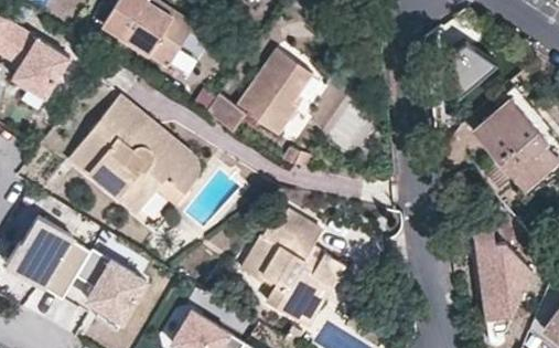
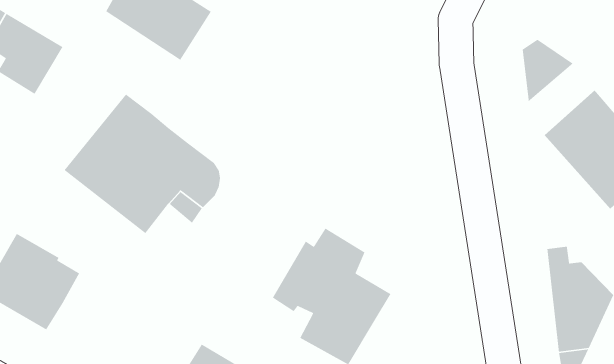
building: [205,50,313,136] -> none
building: [68,246,139,318] -> none

